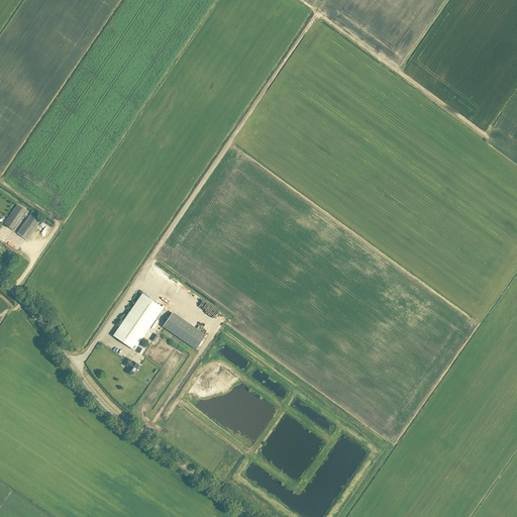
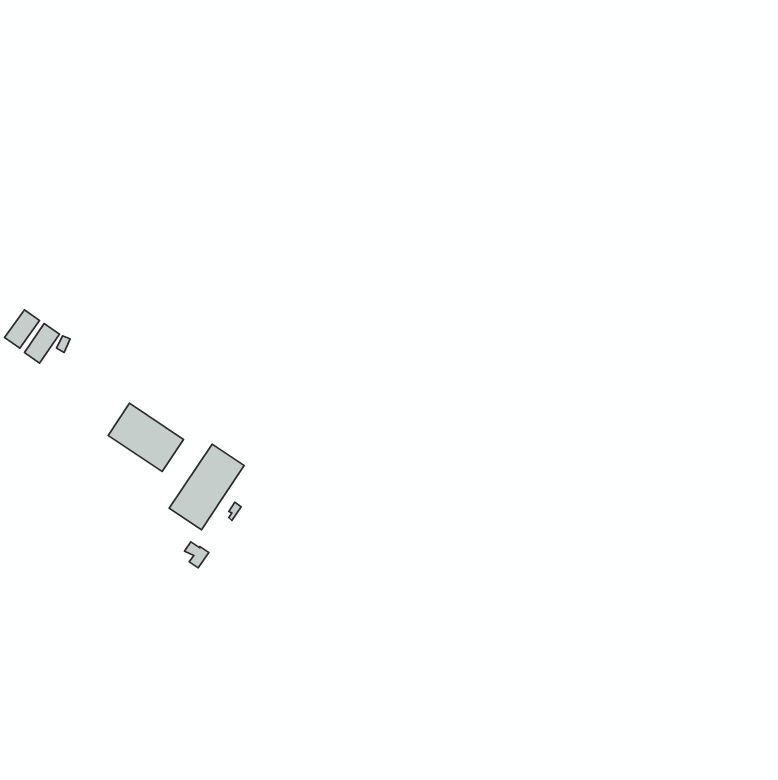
building: none -> [108,403,183,471]
building: [161,310,204,344] -> none

